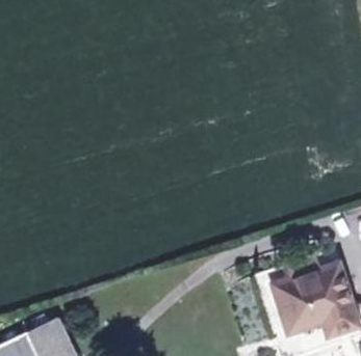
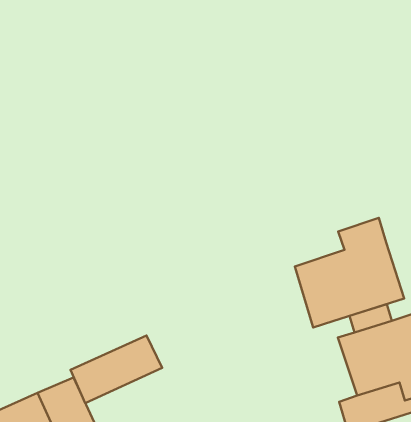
building: none -> [295,218,404,328]
building: none -> [70,336,162,403]

